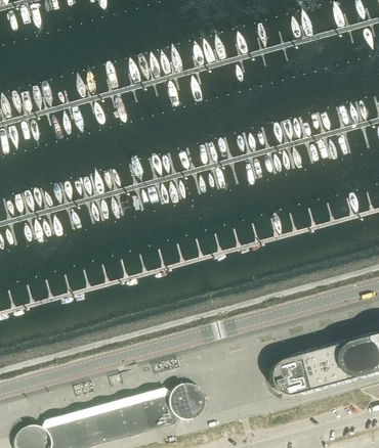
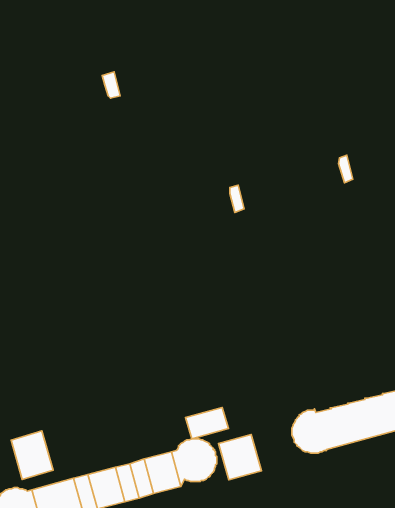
building: none -> [185,407,229,439]
building: none -> [11,431,53,479]
building: none -> [219,435,262,480]

